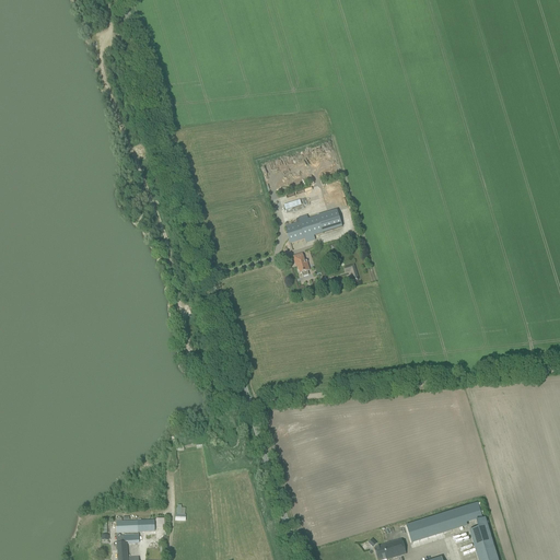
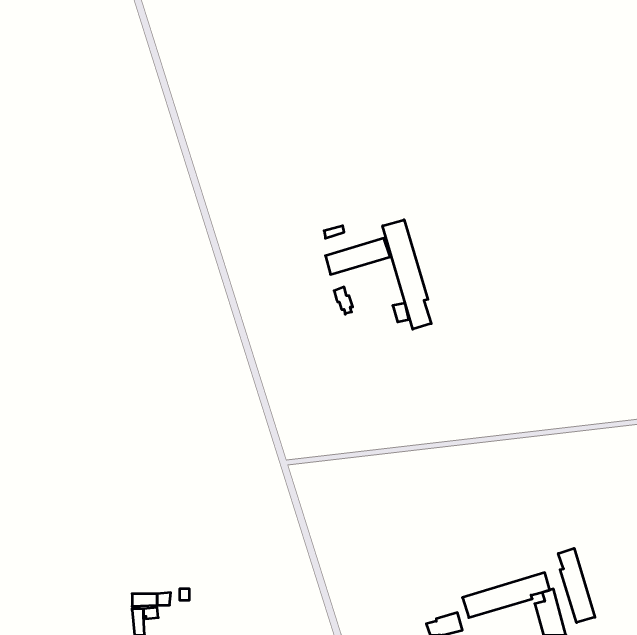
building: none -> [383,220,431,329]
building: none -> [558,548,595,623]

